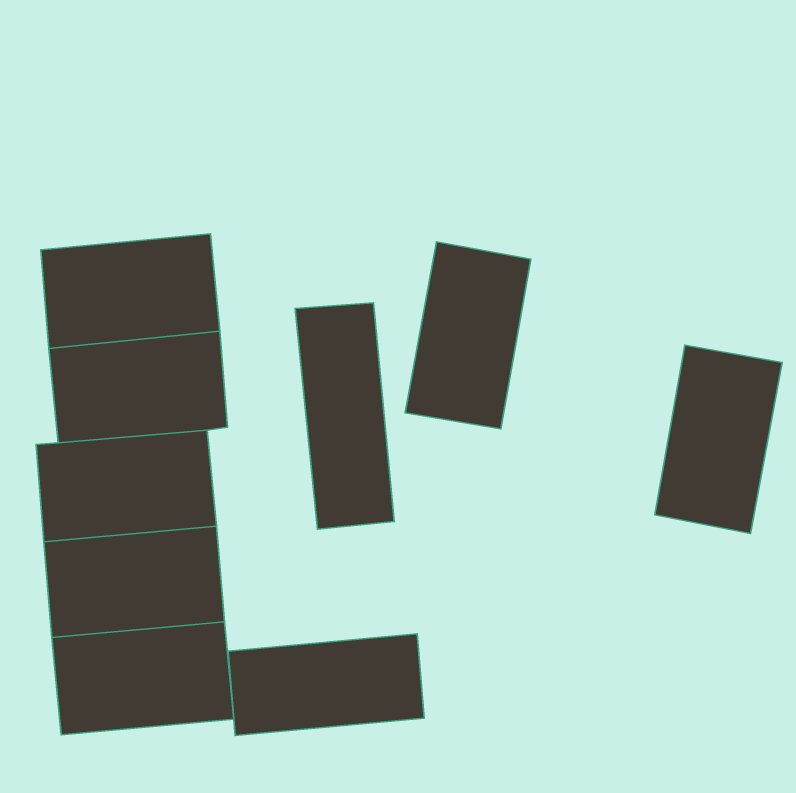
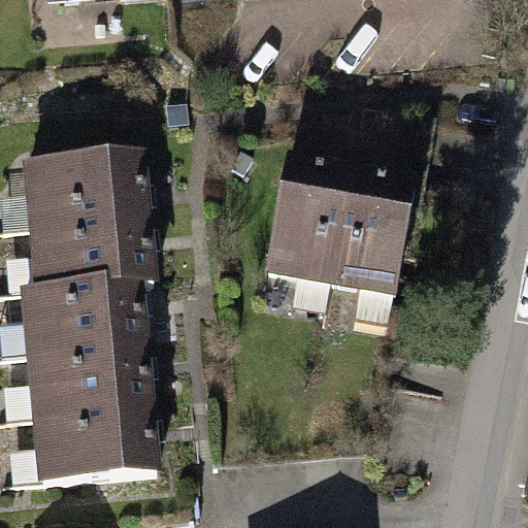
building: [295,303,394,529] -> none
building: [655,345,782,534] -> [329,170,412,294]
building: [228,634,424,735] -> none

